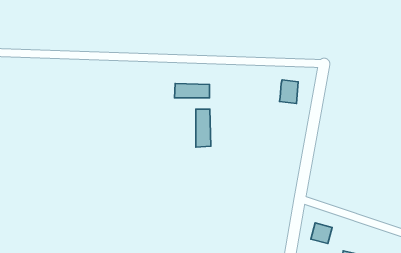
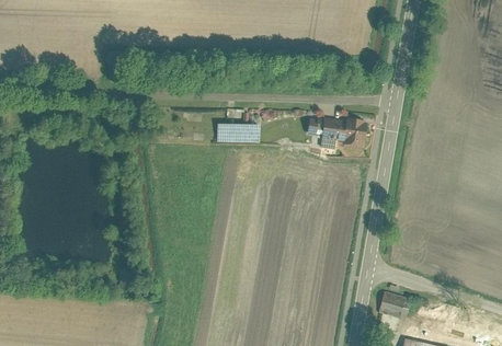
building: none -> [308,119,345,139]
building: [196,109,211,147] -> none

